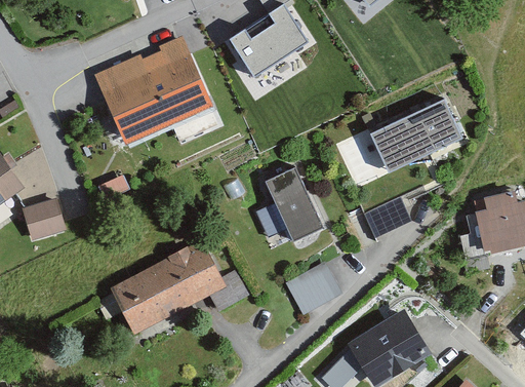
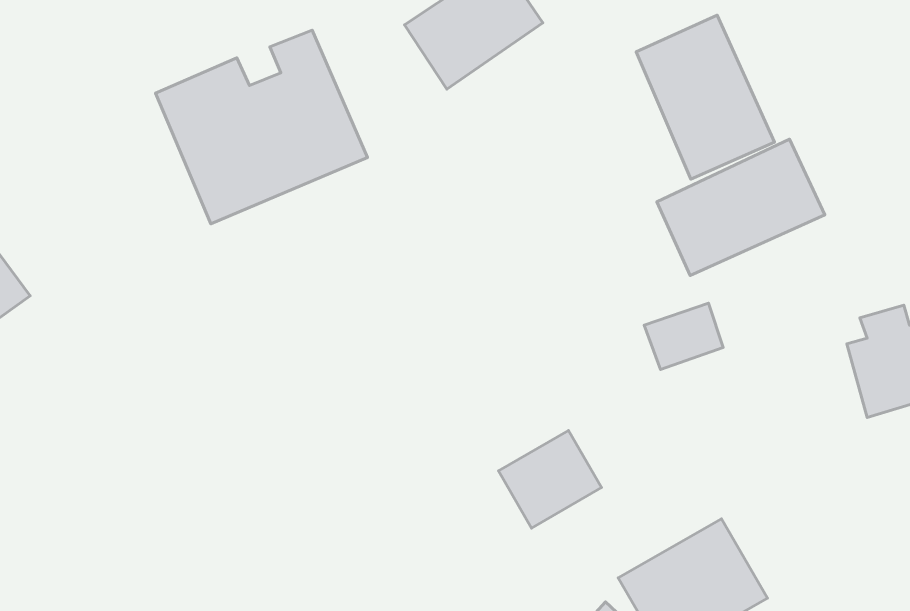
building: none -> [636,15,774,179]
building: [264,169,322,239] -> none
building: [23,199,65,238] -> none
building: [112,242,248,335] -> none

